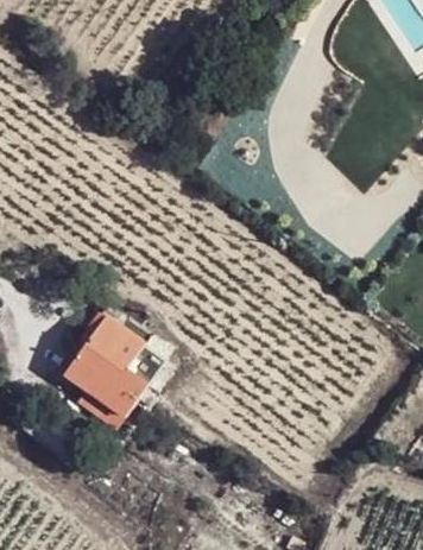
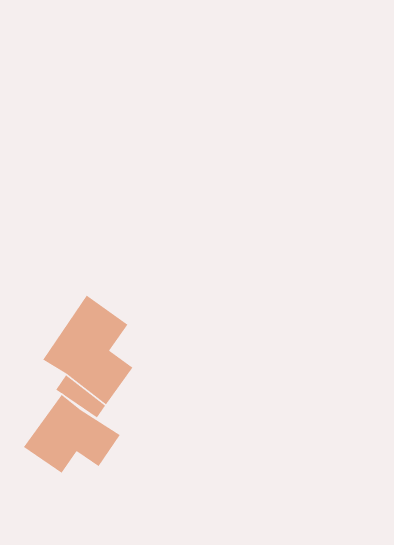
building: none -> [23,394,121,474]

